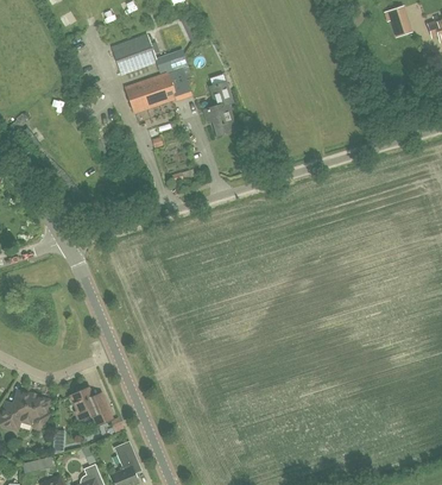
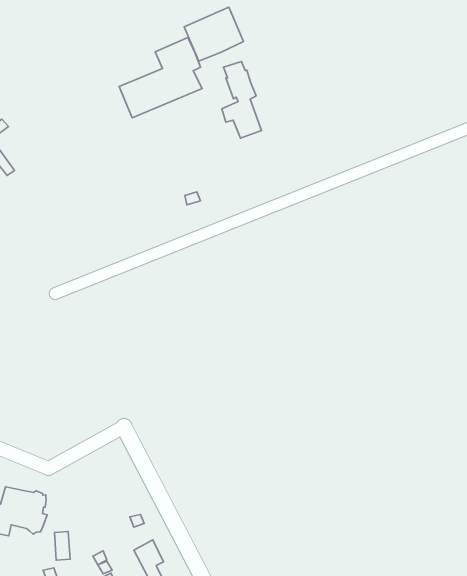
building: [111,33,156,74] -> [184,7,243,61]
building: [70,386,111,424] -> none

